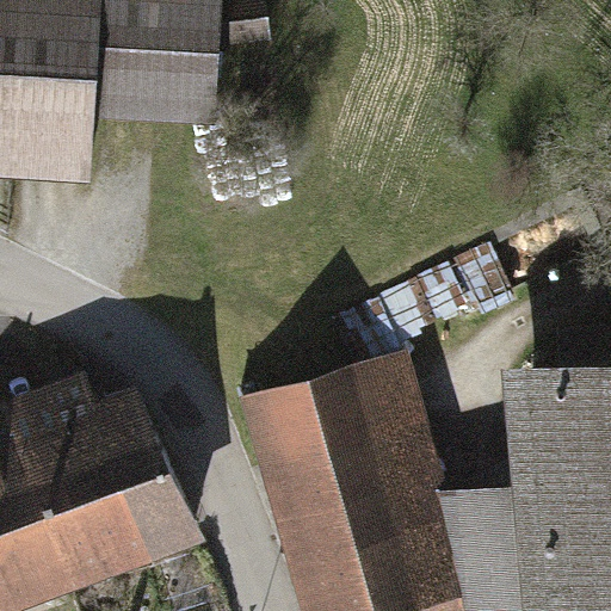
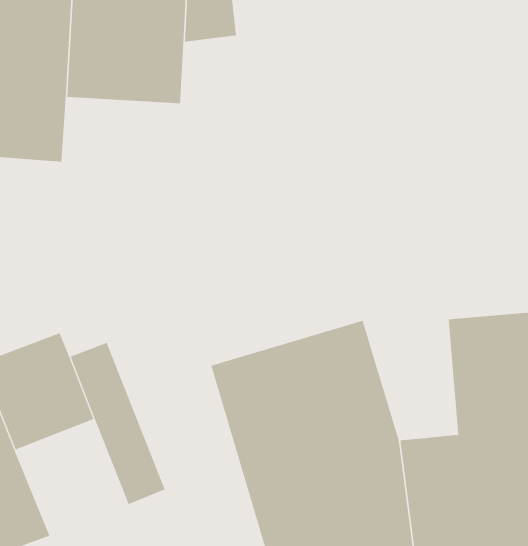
building: [30,464,153,591] -> none

